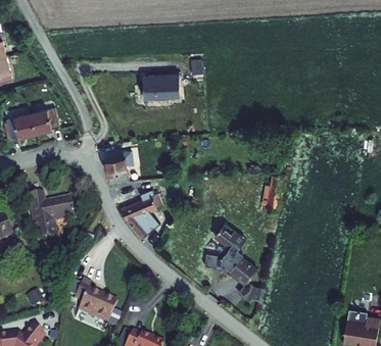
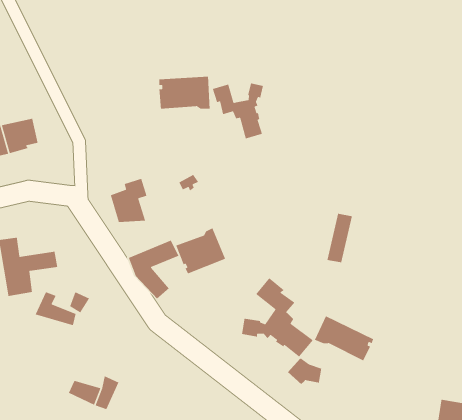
building: none -> [212,83,264,140]
building: none -> [175,227,226,275]
building: none -> [314,315,374,362]
building: [75,277,105,302] -> [34,291,76,326]

